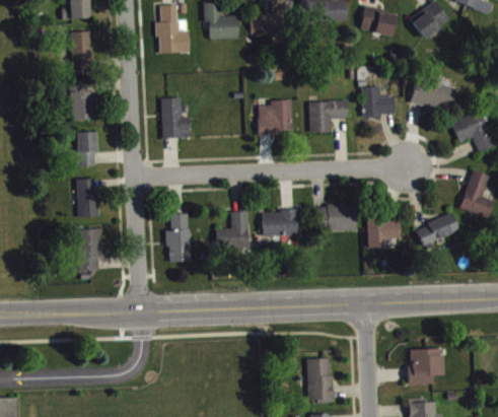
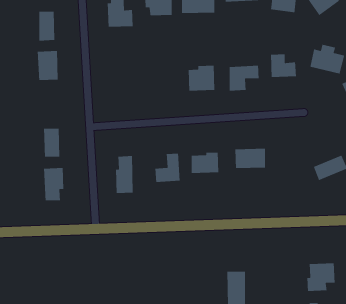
building: [161,97,190,138] -> none
building: [75,131,95,165] -> none
building: [367,215,401,248] -> none

